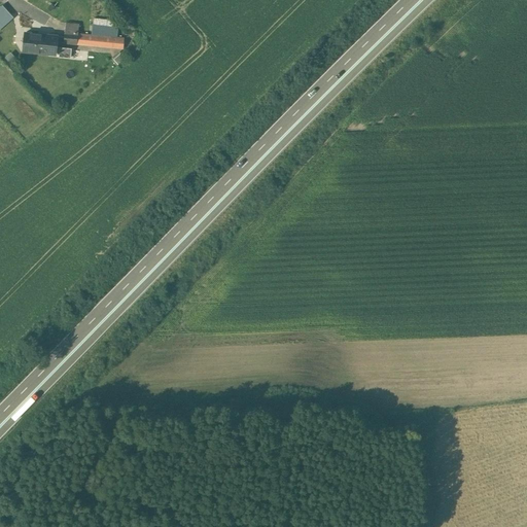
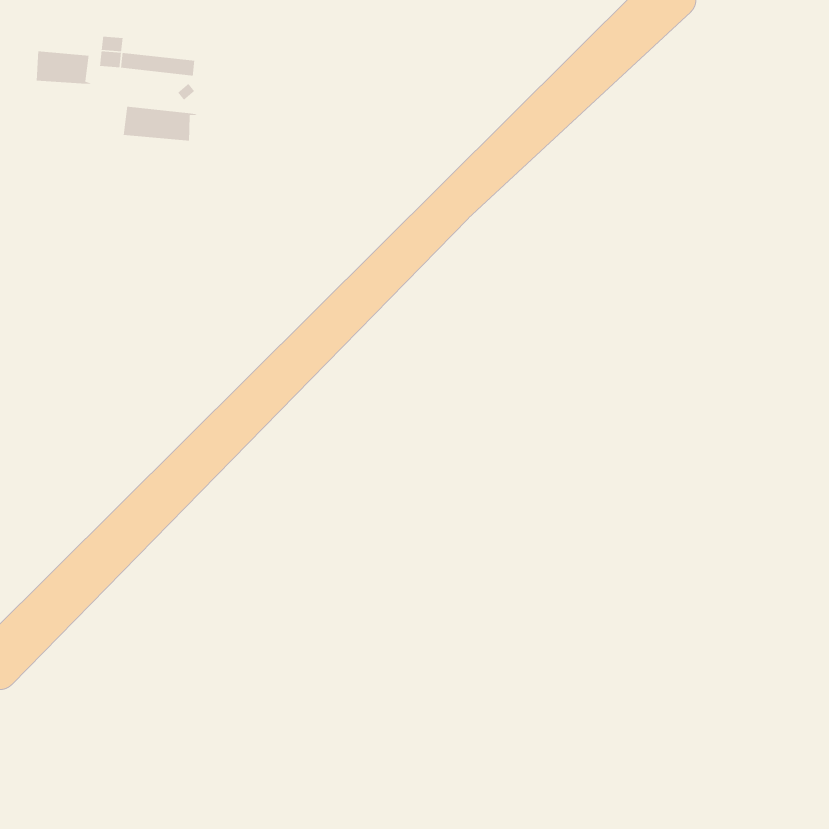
building: none -> [123,106,197,142]

